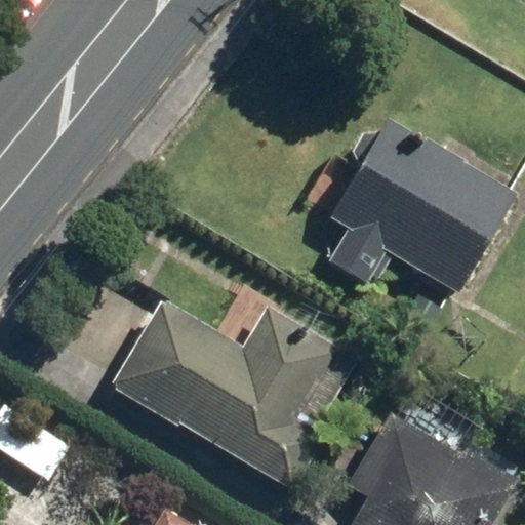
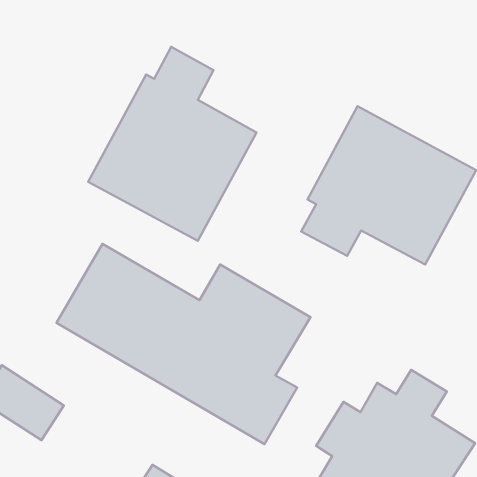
building: none -> [88,47,256,241]

